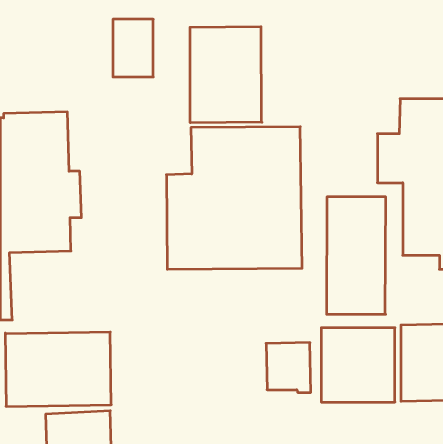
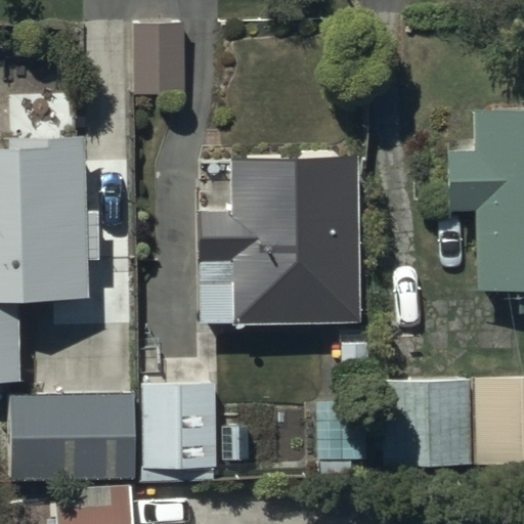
building: [190,27,262,123] -> none
building: [327,197,386,314] -> none
building: none -> [144,389,213,475]

